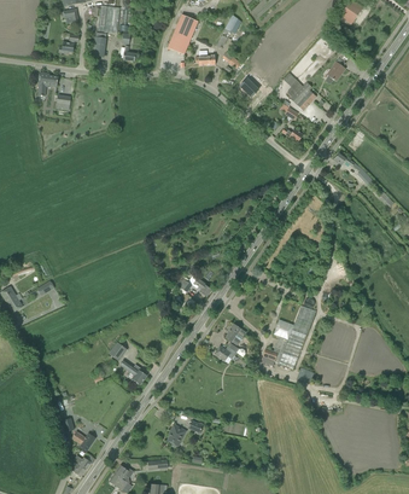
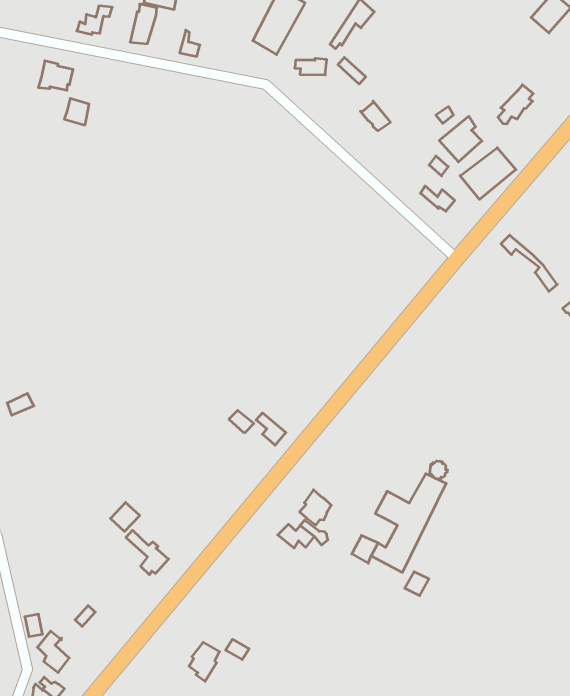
building: none -> [460,148,516,199]

